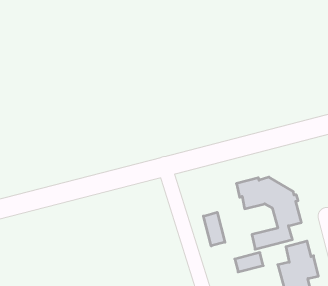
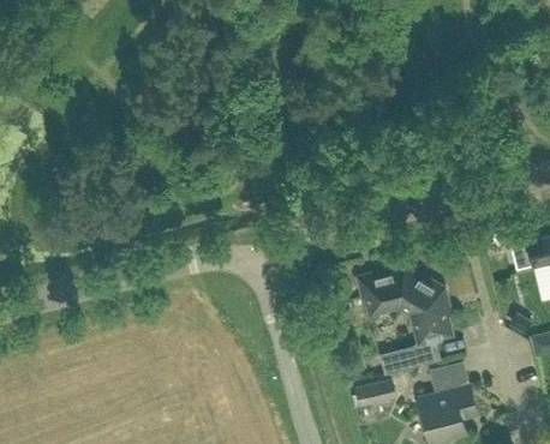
building: [203,212,225,246] -> none

